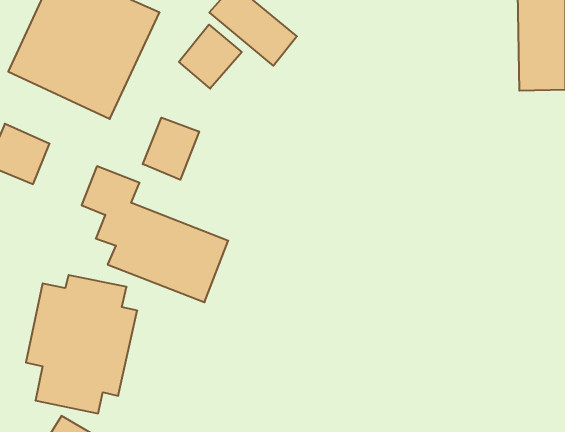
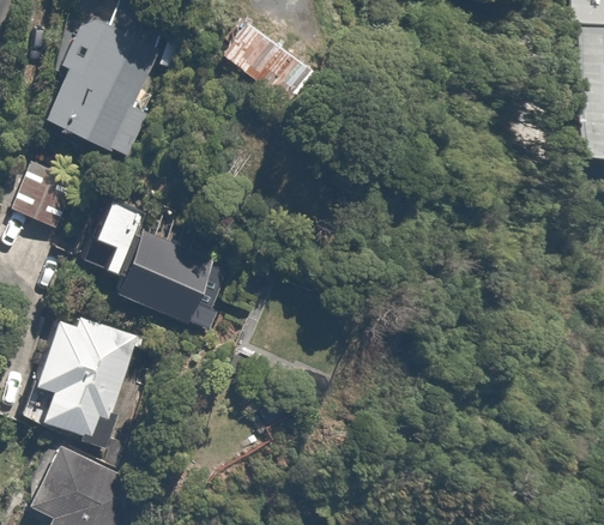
building: [179,25,242,89] -> none
building: [143,118,199,180] -> none

